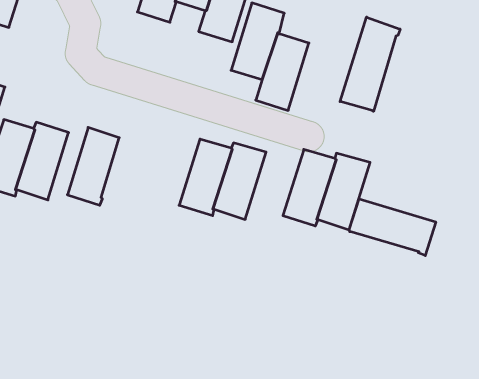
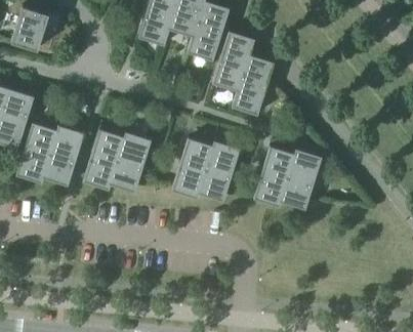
building: [340,17,400,111] -> none
building: none -> [110,132,151,193]
building: [349,199,436,256] -> none

